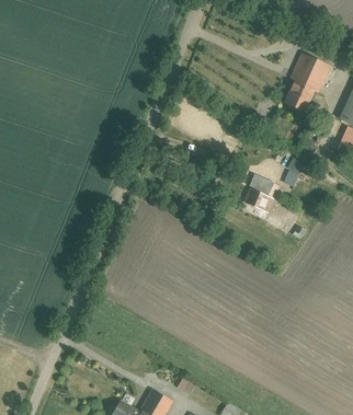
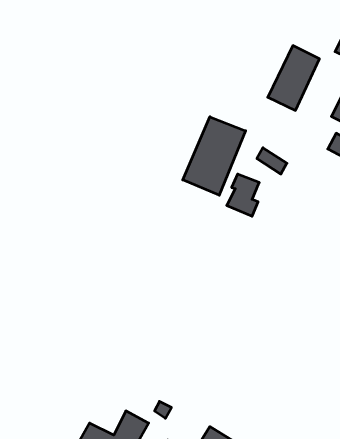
building: none -> [183,117,246,195]

